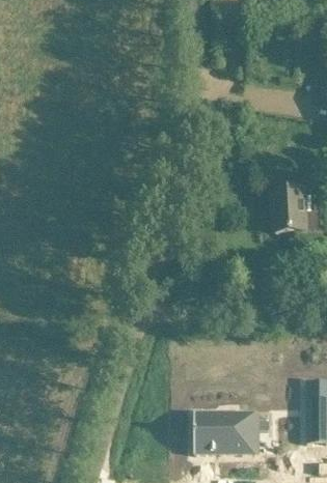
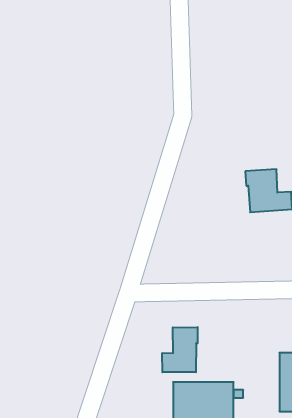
building: none -> [162,327,198,372]

